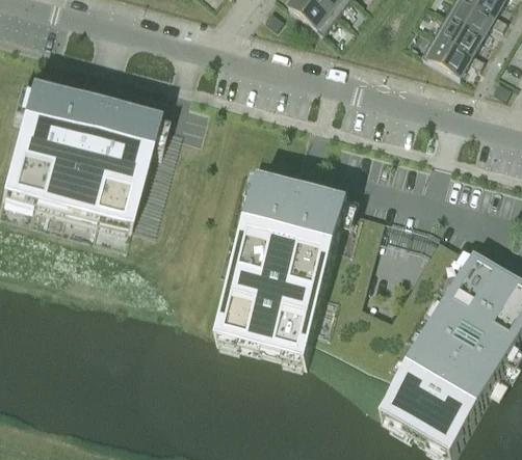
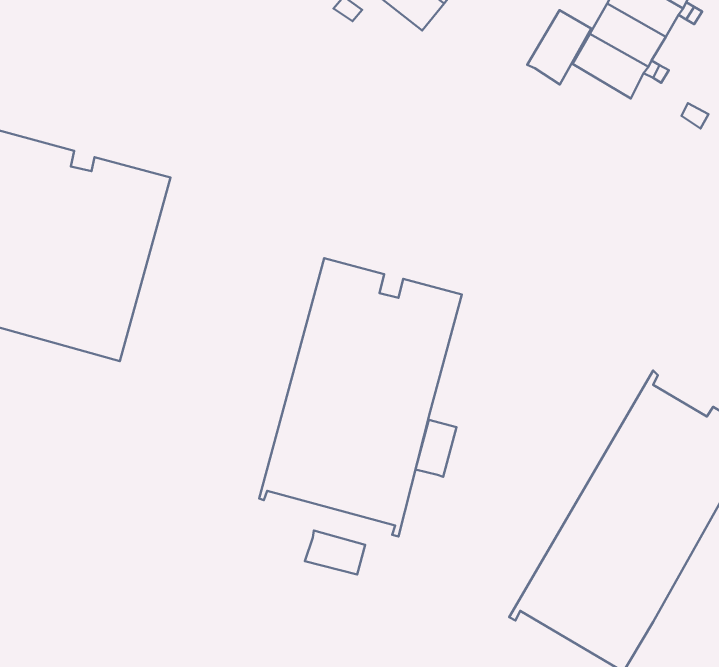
building: none -> [527,10,591,84]
building: none -> [415,420,456,477]
building: none -> [305,531,365,574]

